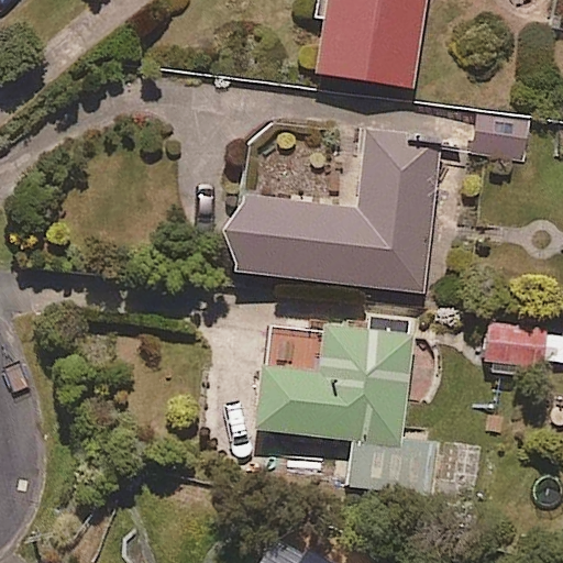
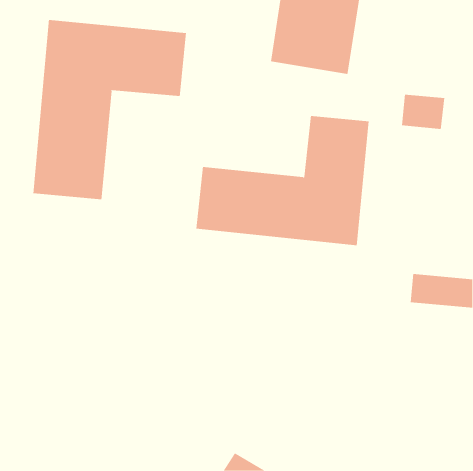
building: none -> [33,19,187,200]
building: [255,327,432,490] -> none

